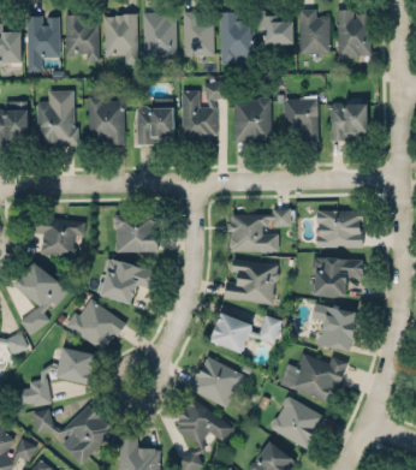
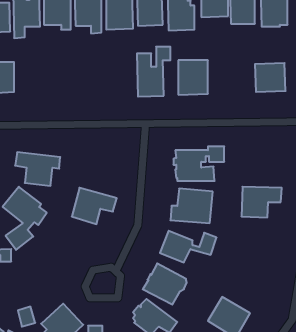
building: [88,96,124,144] -> none
building: [284,99,317,142] -> none
building: [36,101,78,144] -> none
building: [136,105,176,144] -> none
building: [314,209,364,249] -> none
building: [113,213,156,252] -> none
building: [65,301,125,352] -> none
building: [310,302,356,350] -> none
building: [55,347,96,386] -> none
building: [279,352,347,401] -> none
building: [17,380,49,406] -> none

